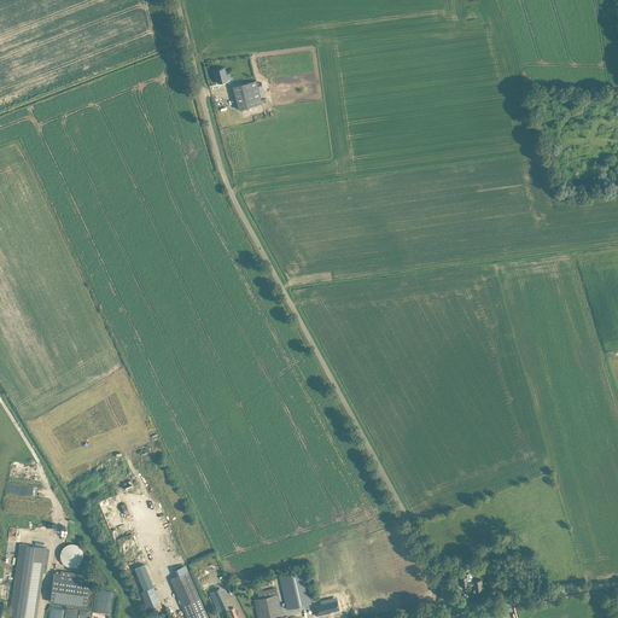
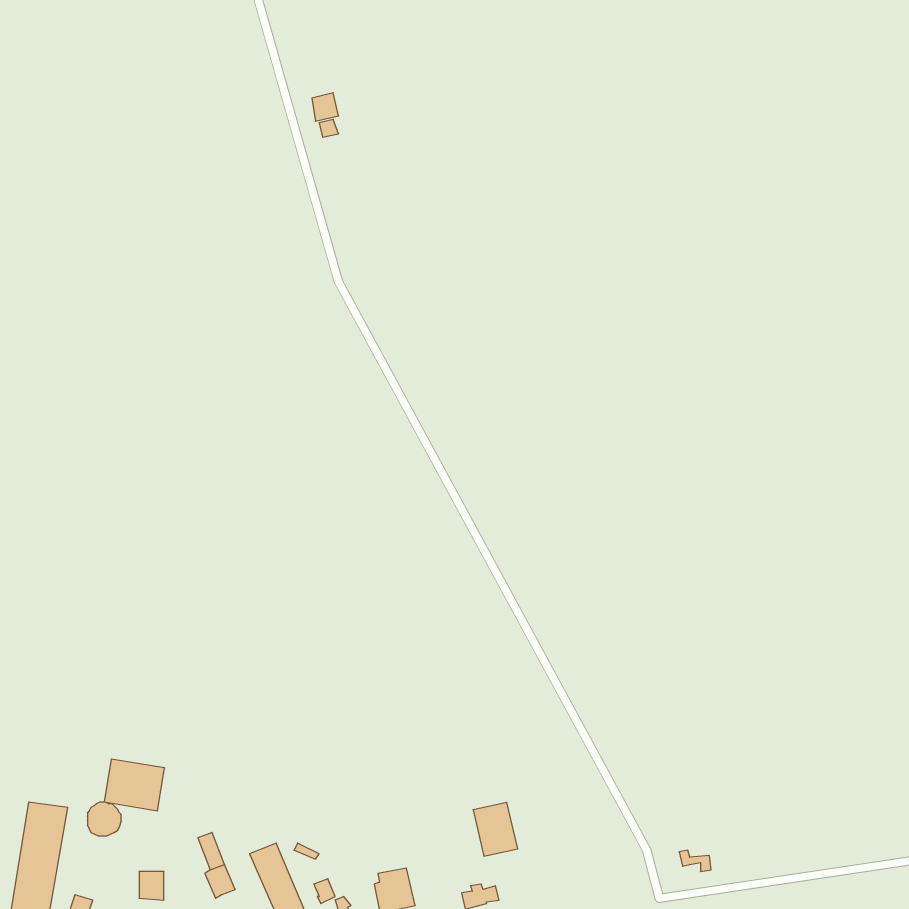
building: [232,81,261,110] -> none
building: [48,573,89,608] -> [104,759,165,811]
building: [279,573,309,610] -> [473,803,518,856]

